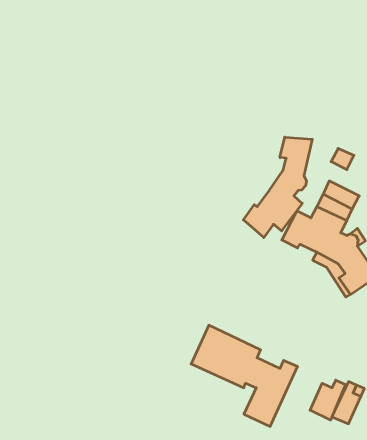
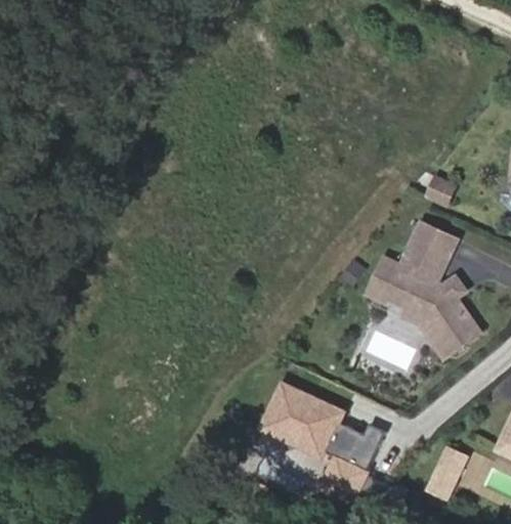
building: [243,137,312,238] -> none
building: [310,380,346,420] -> none

